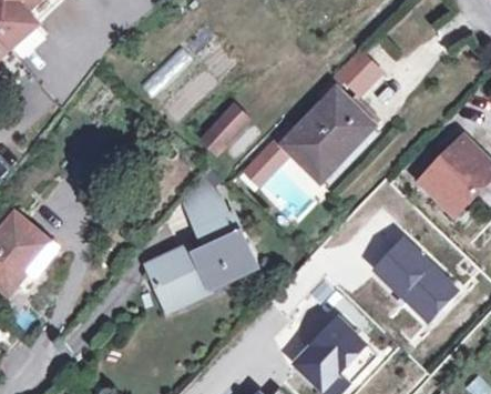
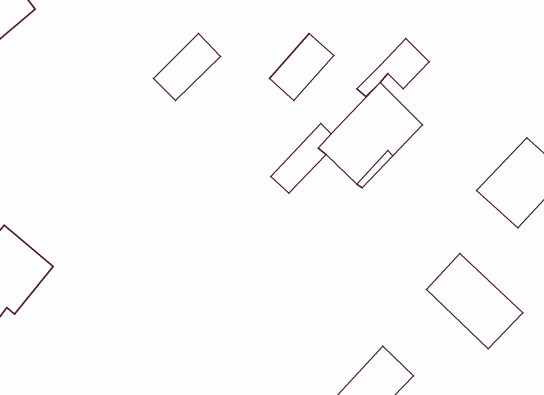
building: [197,101,253,159] -> [269,34,334,101]
building: [147,178,249,301] -> none

